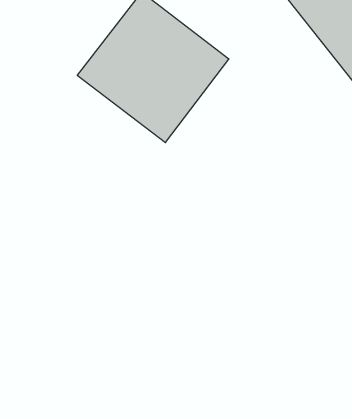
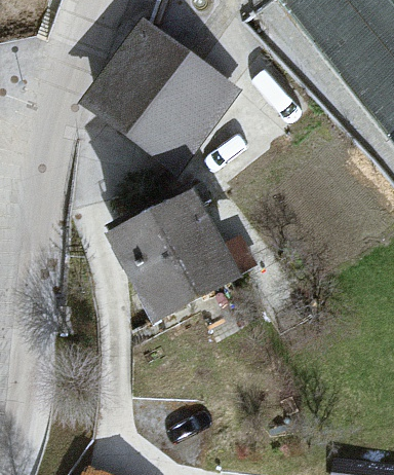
building: none -> [120,194,257,319]

